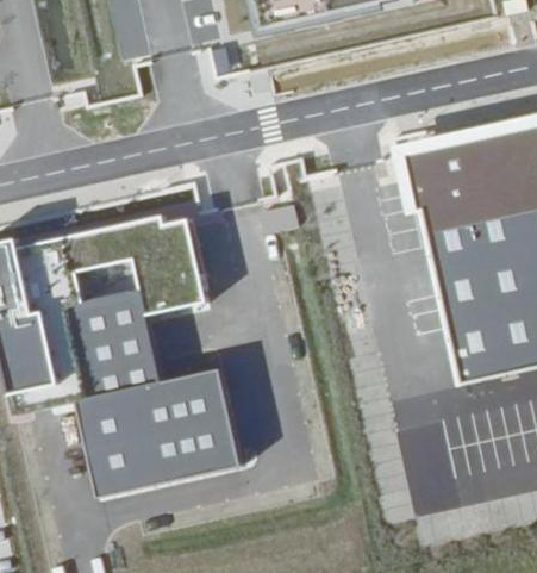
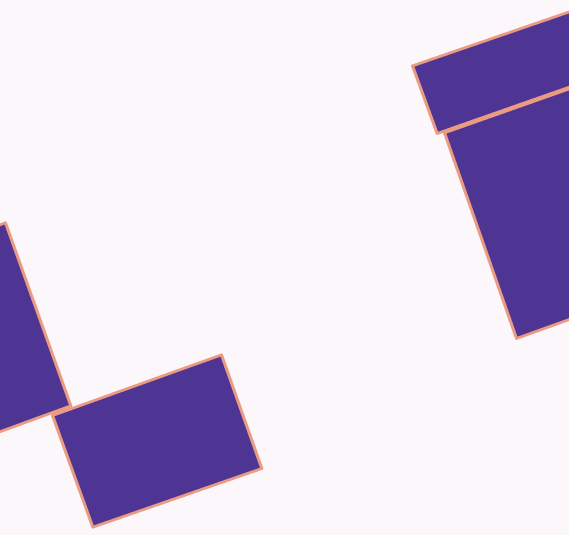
building: [68,222,199,385] -> none

